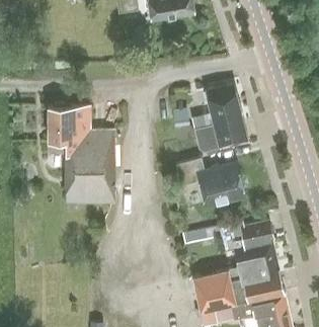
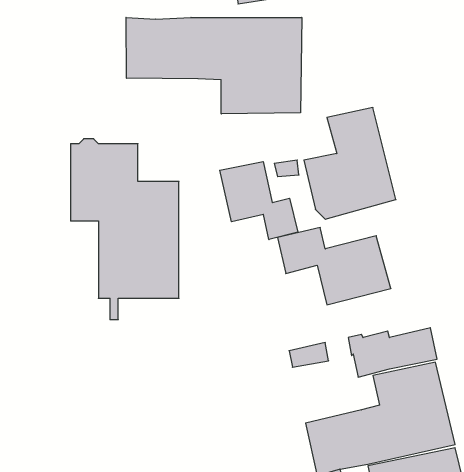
building: none -> [126,17,302,114]
building: none -> [220,162,298,240]

